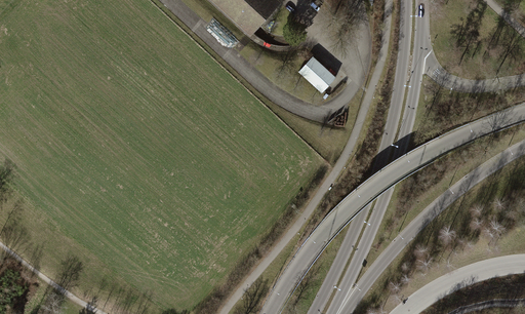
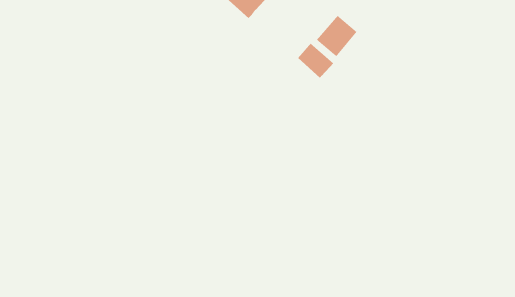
building: none -> [316,15,357,57]

